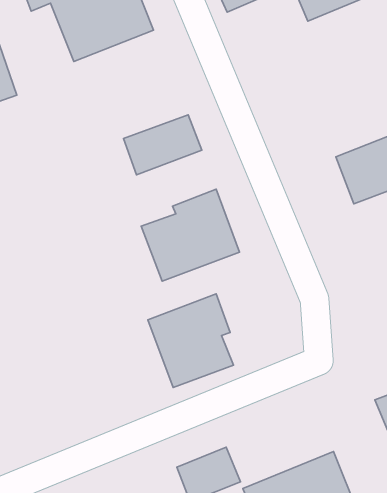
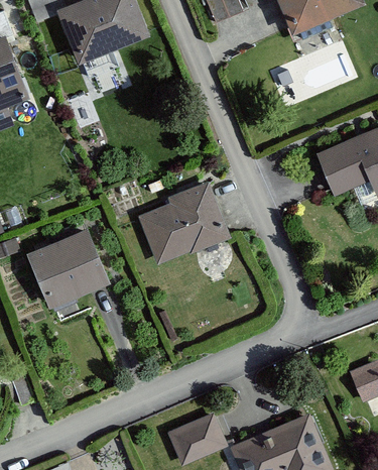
building: [124,115,202,175] -> none
building: none -> [22,225,110,307]
building: [148,294,234,387] -> none

